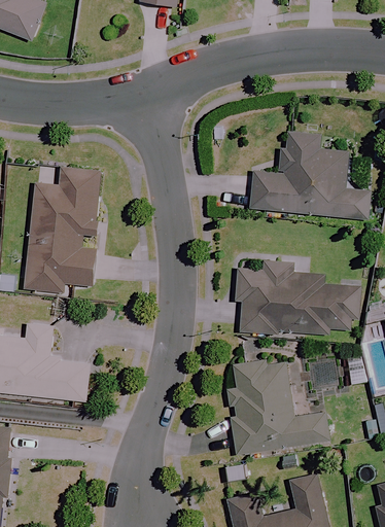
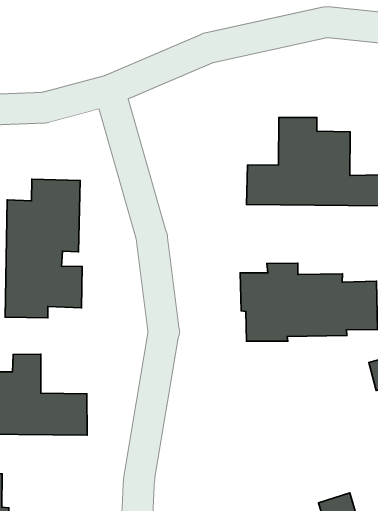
building: [226,360,330,452] -> none

